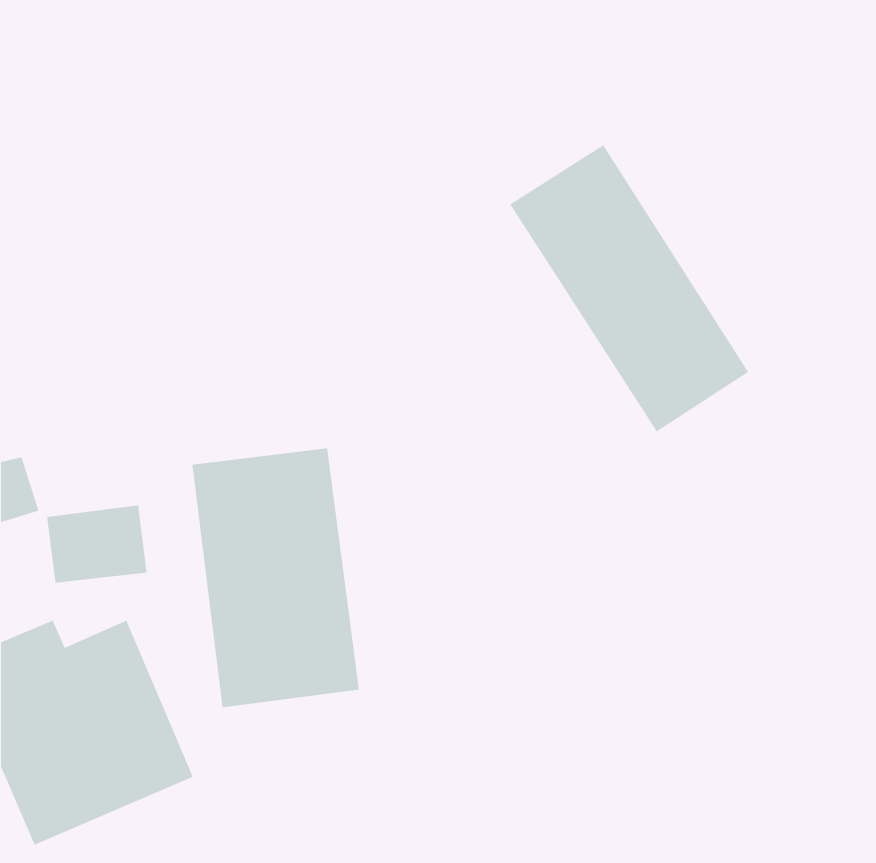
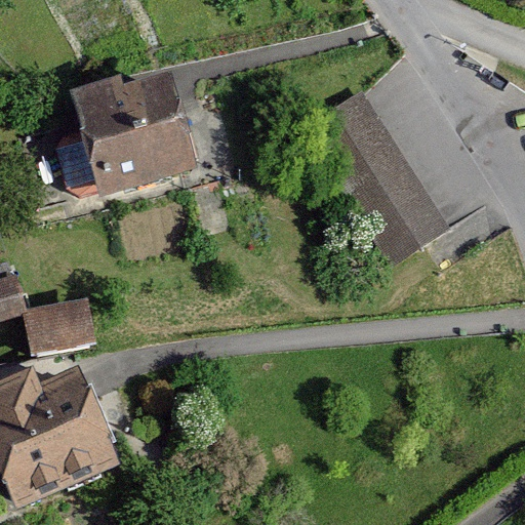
building: none -> [72,75,195,192]
building: [191,447,360,708] -> none

